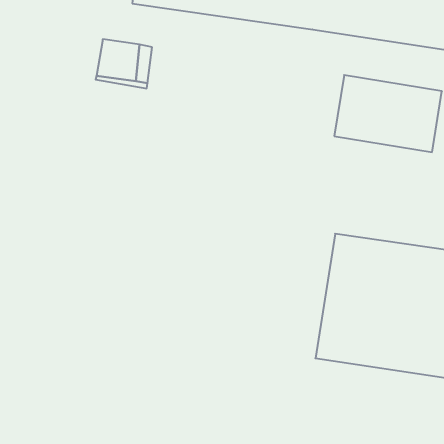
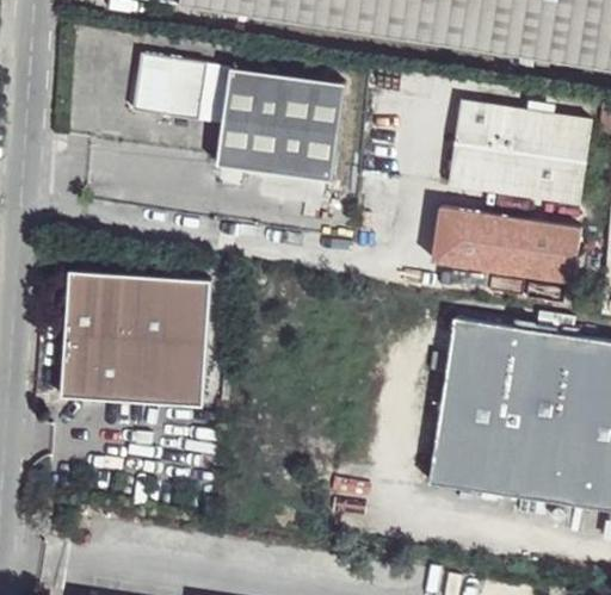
building: none -> [218,70,346,182]
building: none -> [426,204,575,280]
building: none -> [63,272,212,405]

